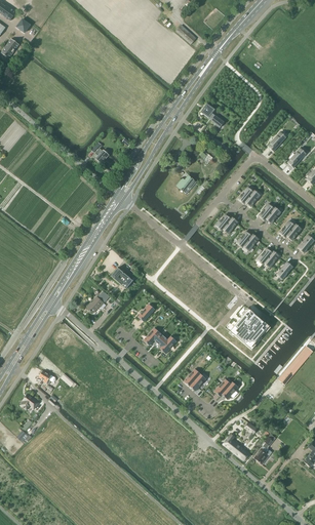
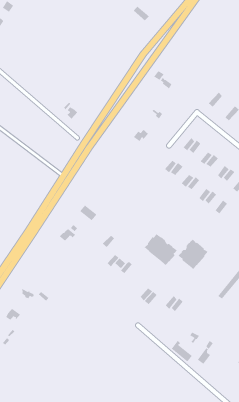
building: none -> [143,233,178,266]

